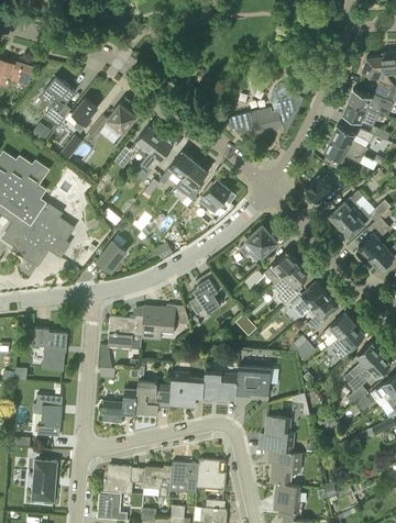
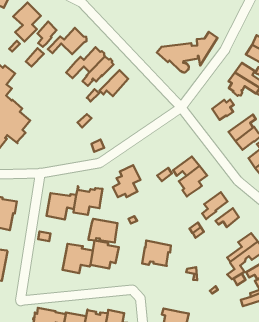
building: [176,162,207,201] -> none
building: [199,180,234,212] -> none
building: [238,226,276,262] -> none
building: [96,241,126,272] -> none
building: [286,285,327,312] -> none
building: [330,324,363,360] -> none
building: [201,372,236,400] -> [88,219,118,243]
building: [101,389,136,423] -> none
building: [257,416,294,453] -> none

